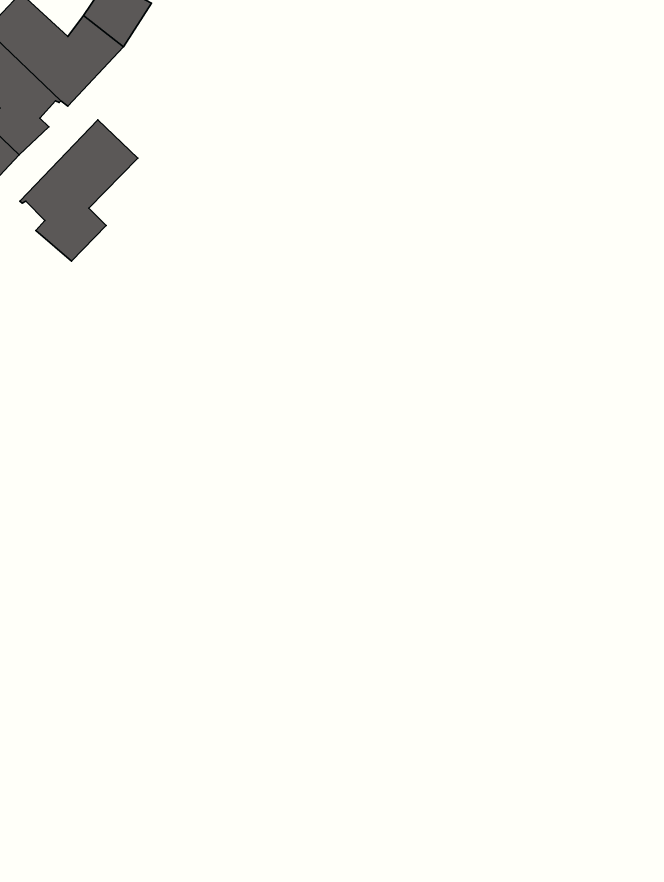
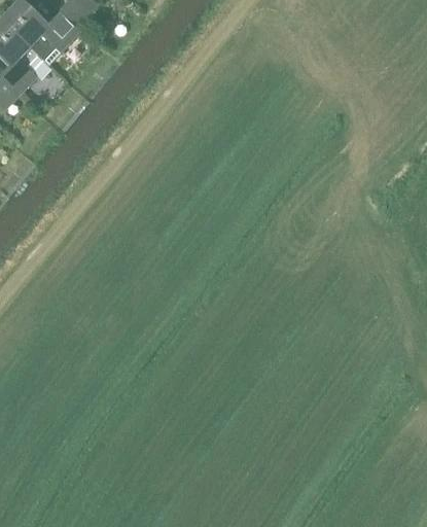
building: [20,120,138,261] -> none

